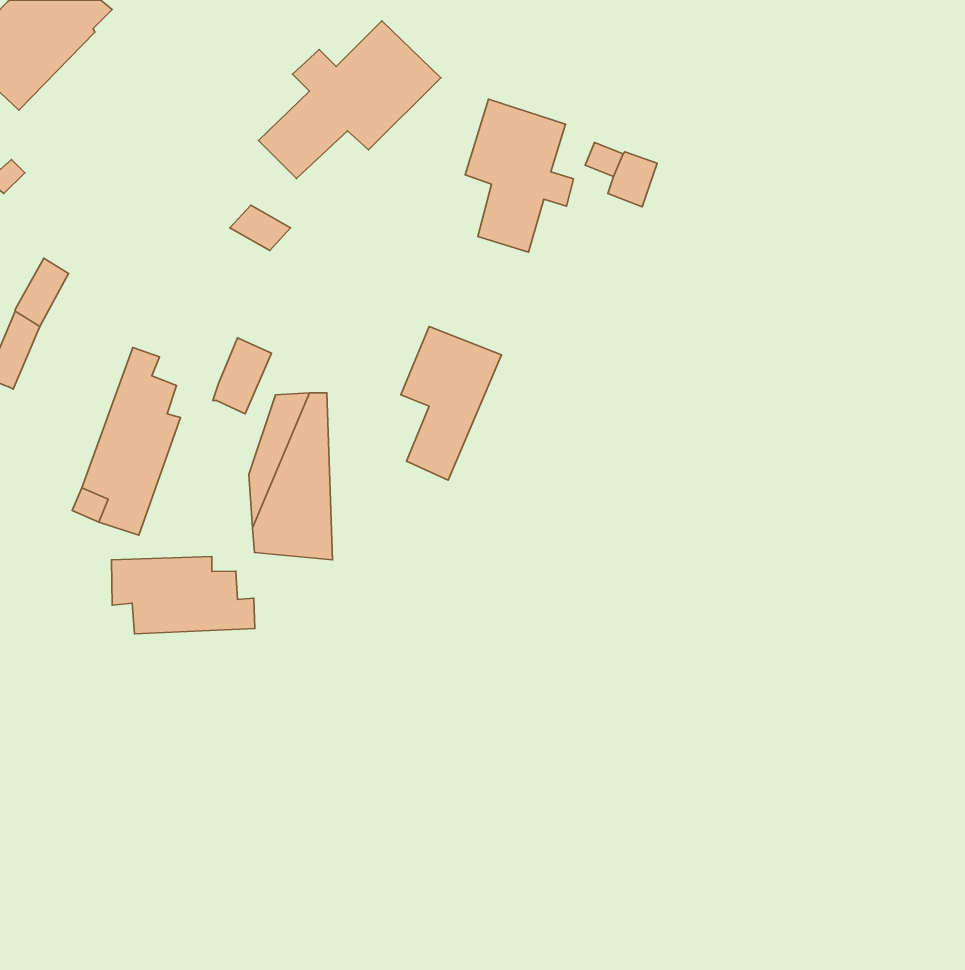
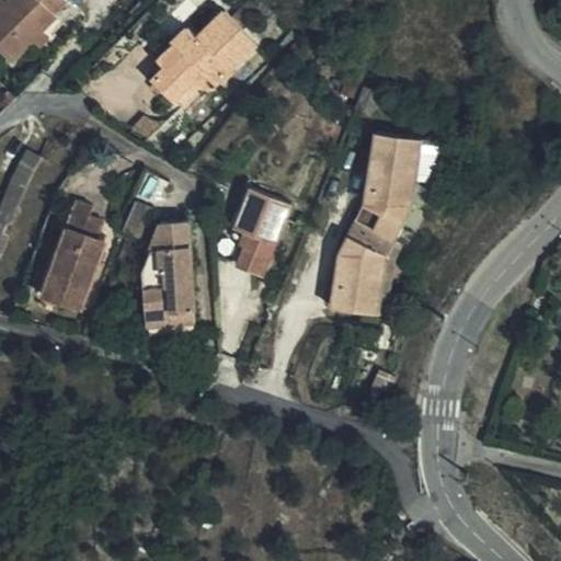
building: [465,99,574,252] -> none
building: none -> [328,133,420,316]
building: [111,557,255,634] -> none

